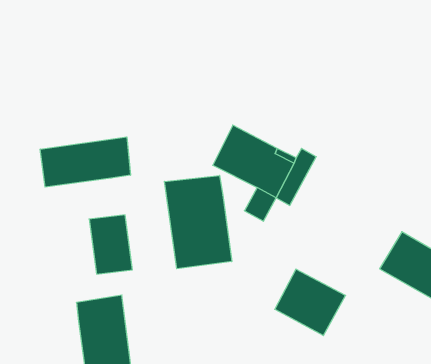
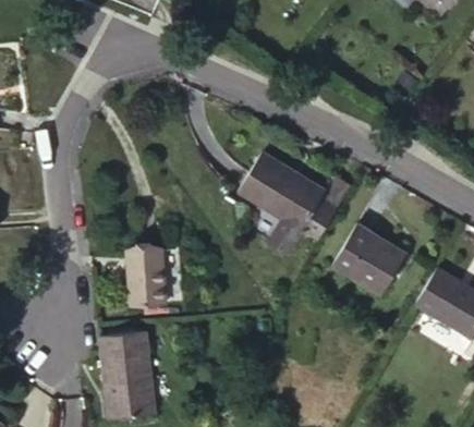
building: [40,137,130,187] -> none
building: [164,175,232,269] -> none
building: [275,269,346,336] -> [337,222,410,291]

